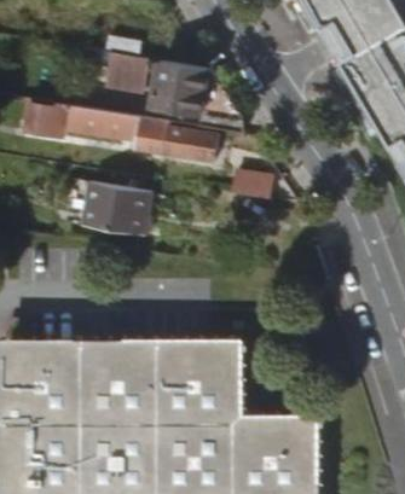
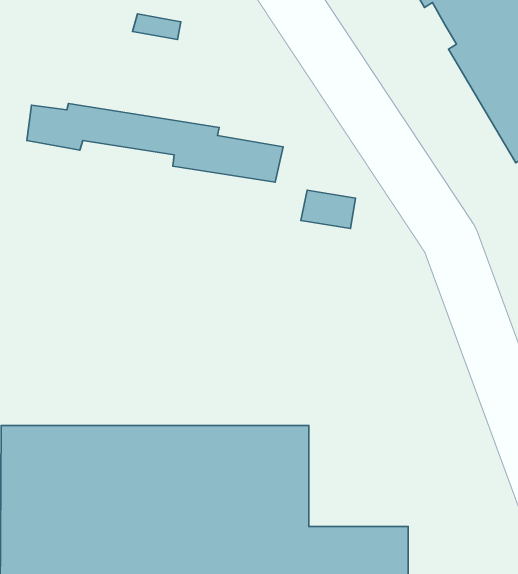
building: [104,51,149,91] -> none
building: [152,60,243,132] -> none
building: [83,184,150,231] -> none

